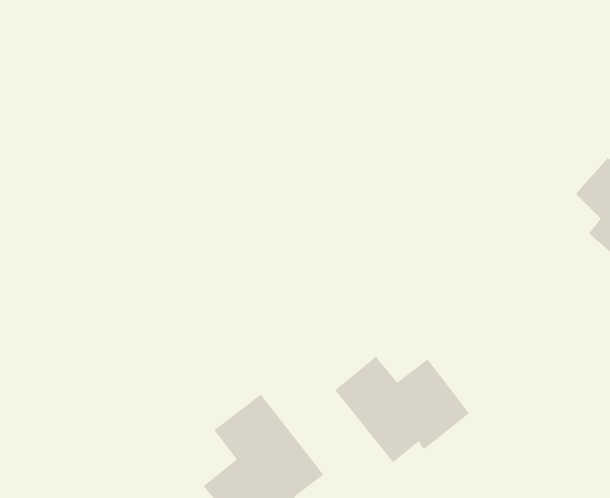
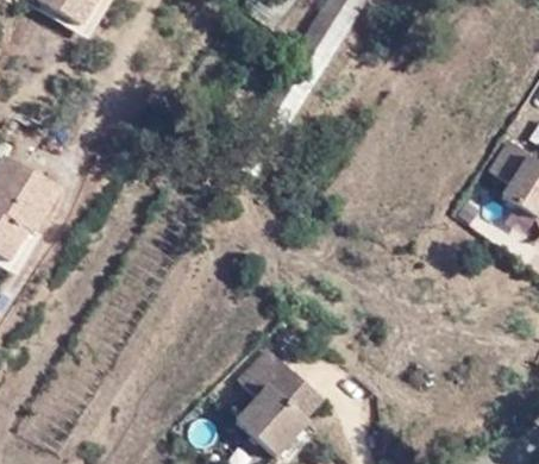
building: [334,356,470,463] -> none

